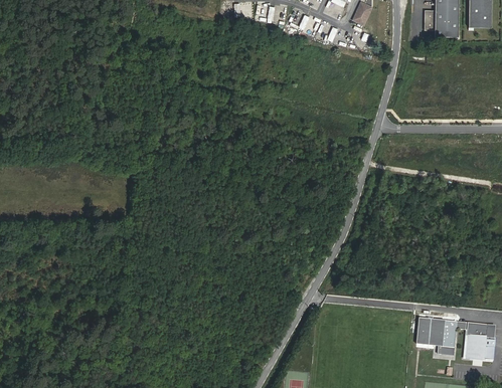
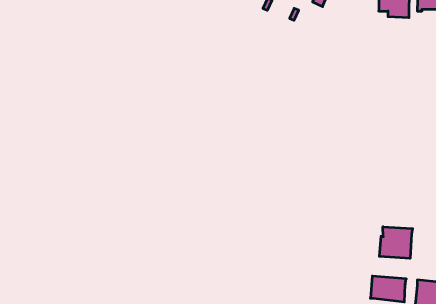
building: none -> [379,227,413,258]

